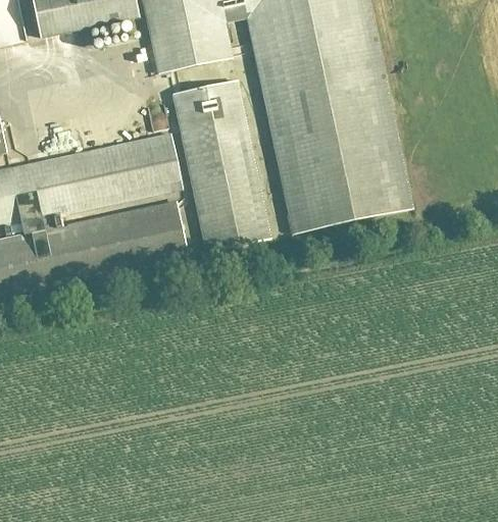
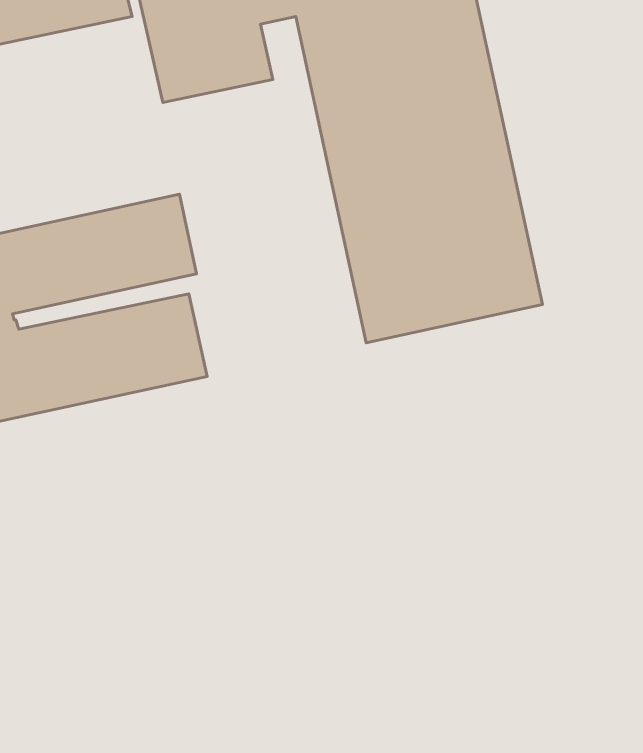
building: [172,79,269,250] -> none

